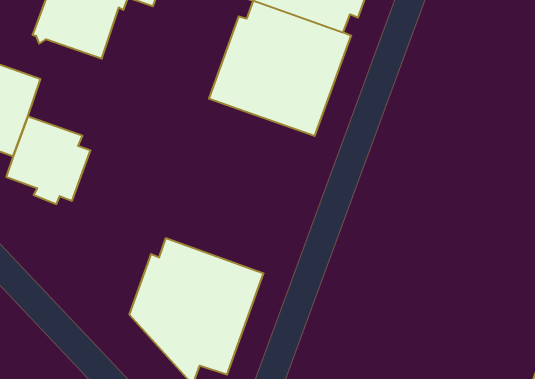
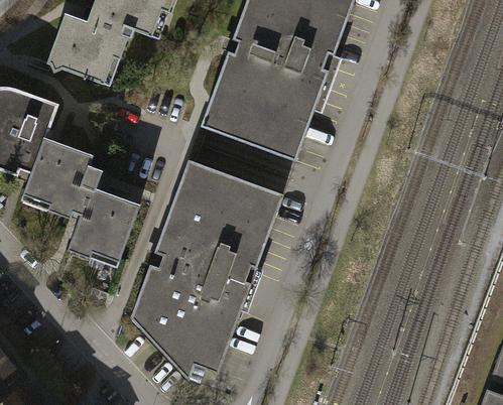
building: none -> [158,154,285,275]
building: none -> [70,187,138,266]

